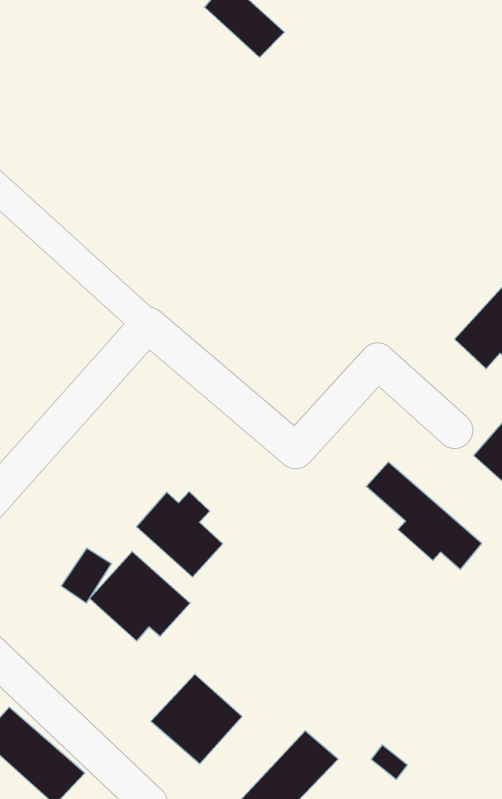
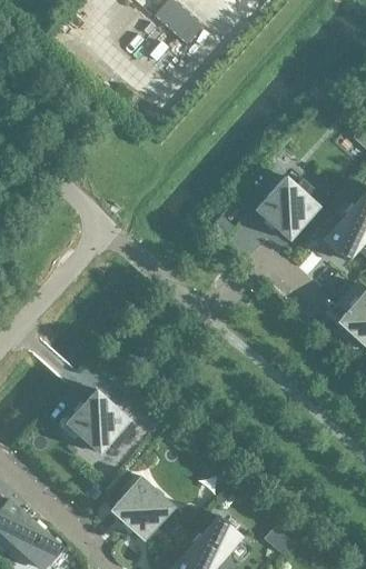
building: none -> [255,177,326,240]
building: [366,462,482,570] -> none
building: [137,492,223,577] -> none

